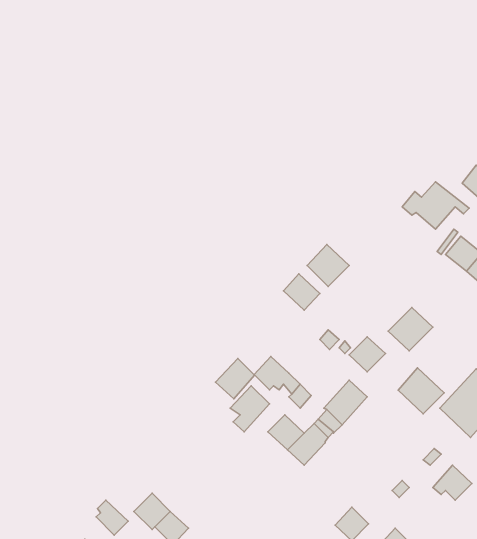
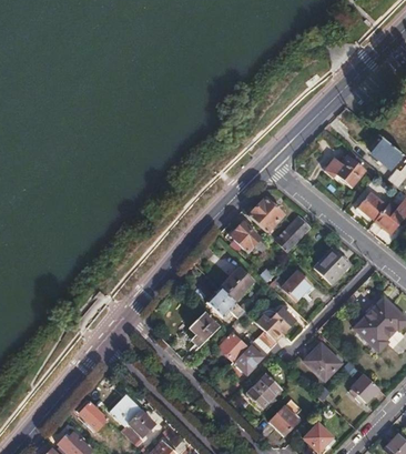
building: none -> [274,216,309,252]
building: [216,358,255,399] -> [220,269,251,301]
building: [398,368,444,414] -> [304,343,341,380]
building: none -> [247,374,281,408]

